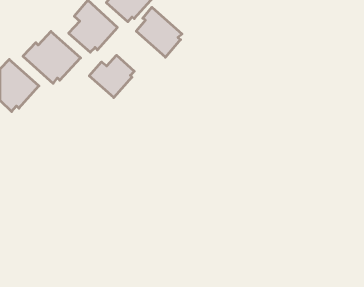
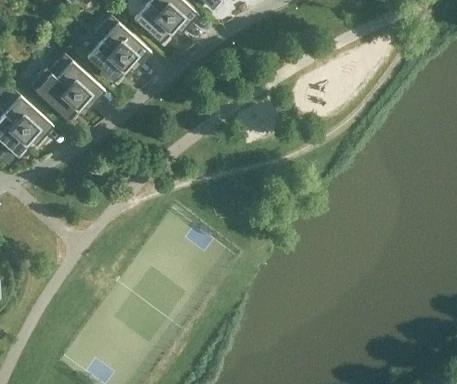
building: [136,7,182,57] -> none
building: [89,55,134,98] -> none

